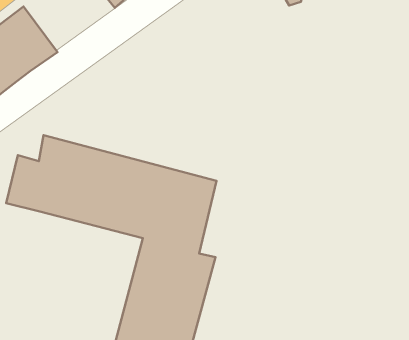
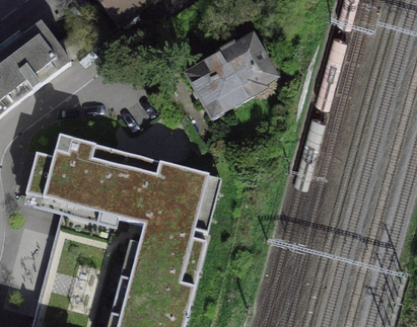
building: none -> [187,34,276,116]

